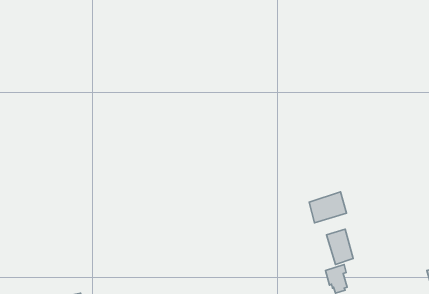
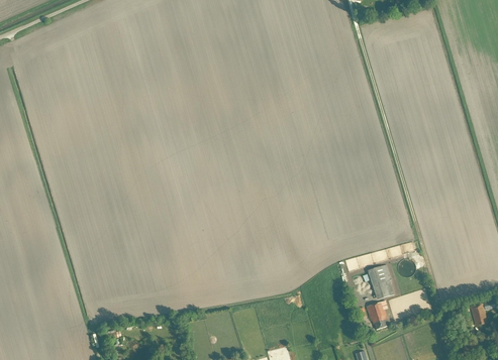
building: [309,192,347,223] -> none

